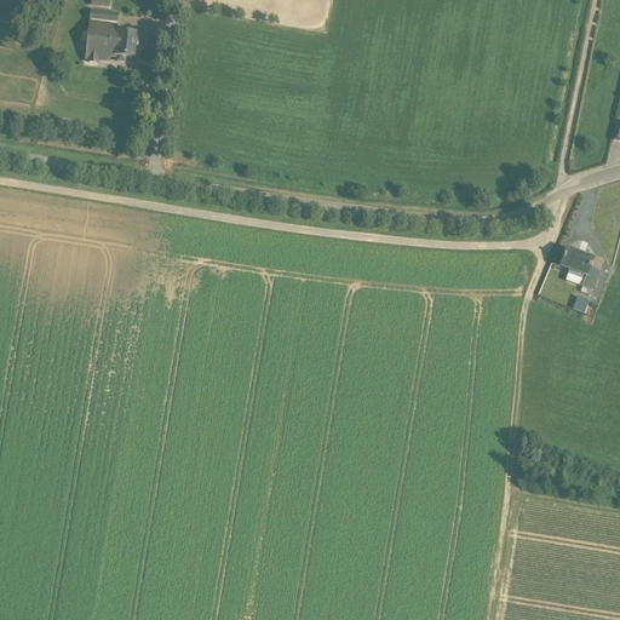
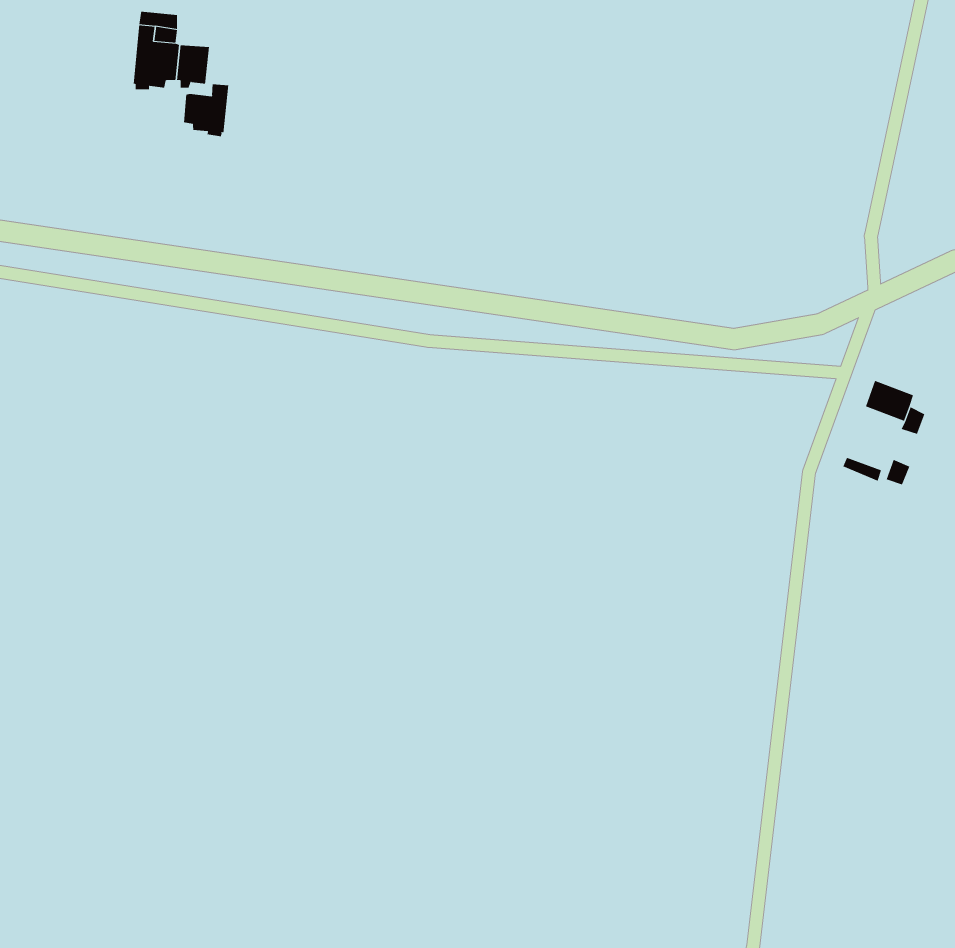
building: none -> [183,84,229,137]

